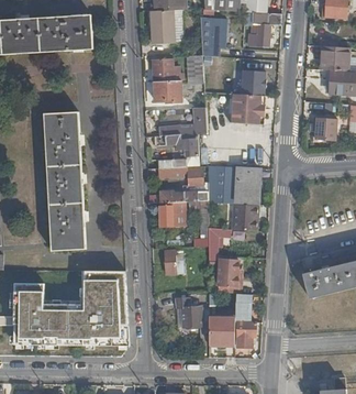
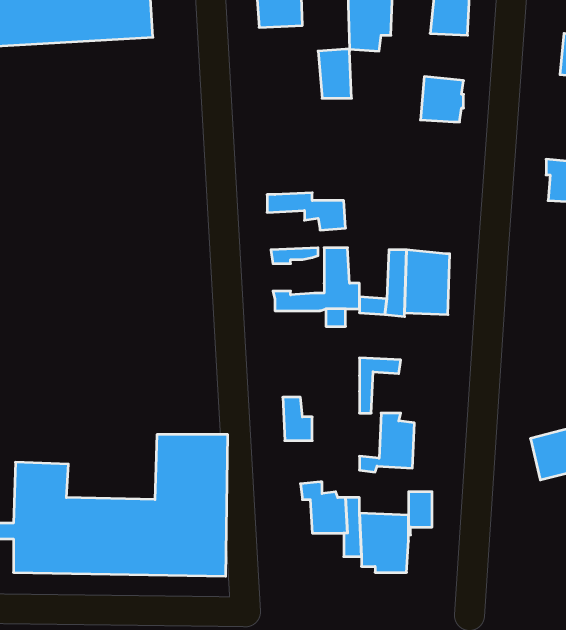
building: [154,59,182,102] -> none
building: [231,94,260,124] -> none
building: [160,108,207,140] -> none
building: [44,111,85,250] -> none
building: [159,201,187,226] -> none
building: [233,205,259,231] -> none
building: [235,322,256,348] -> none

